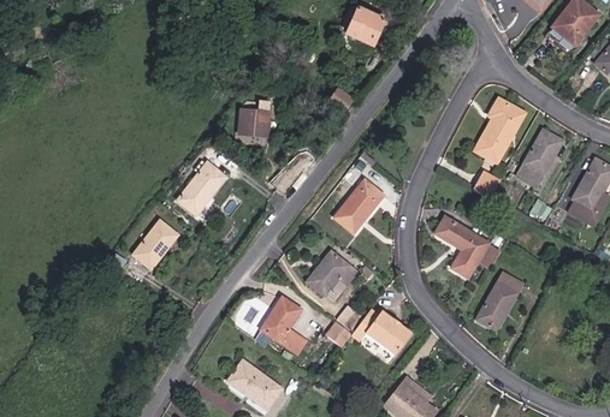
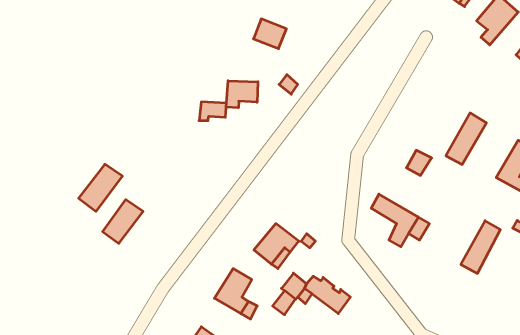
building: [347,12,383,44] -> [253,19,286,49]
building: none -> [226,81,258,108]
building: [473,100,521,162] -> none
building: [182,166,230,218] -> [79,164,122,211]
building: [331,180,379,232] -> none
building: [476,273,520,330] -> [461,221,500,273]

